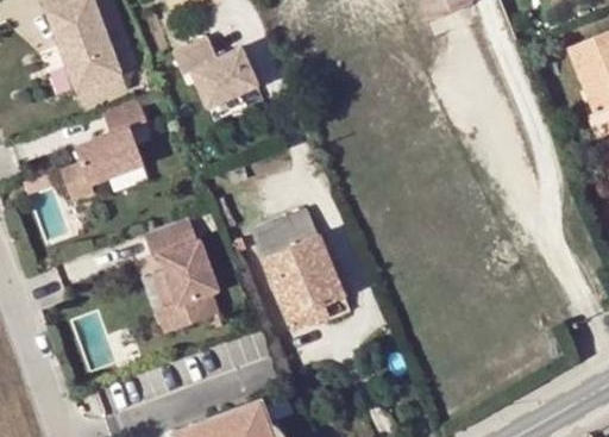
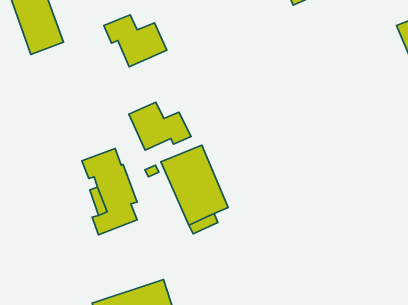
building: [61,98,153,198] -> none
building: none -> [129,102,191,150]

